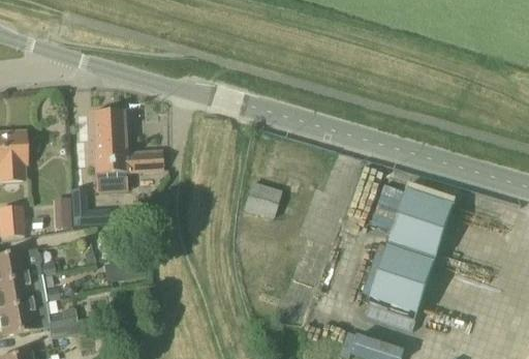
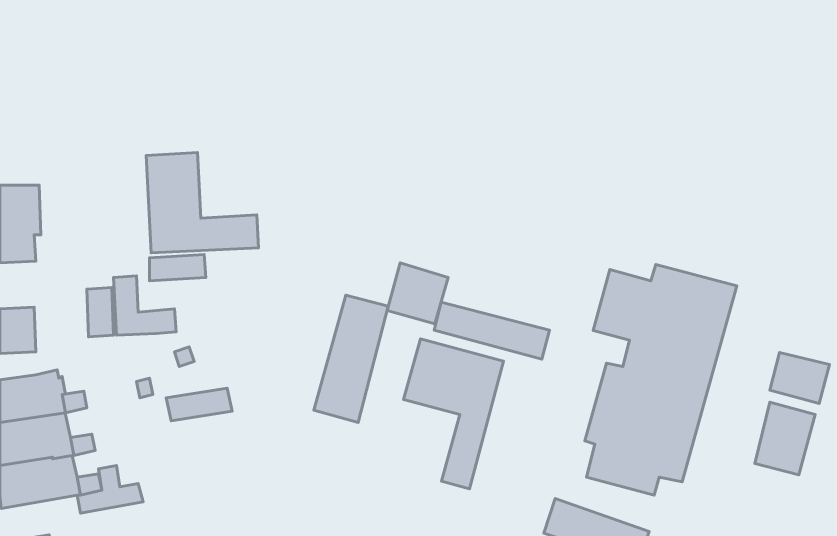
building: none -> [314,295,388,422]
building: none -> [434,302,550,359]
building: none -> [404,339,504,489]
building: none -> [770,352,830,404]
building: none -> [755,402,815,475]

